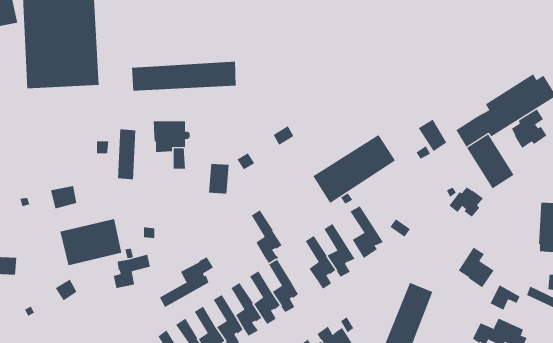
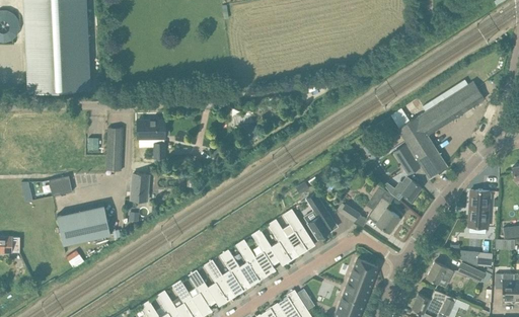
building: [131,61,236,91] -> none
building: [511,108,547,149] -> none
building: [418,119,447,152] -> [395,147,421,175]
building: [313,134,396,204] -> none
building: [208,163,229,194] -> [131,174,149,201]
building: [251,210,283,264] -> [251,229,279,275]
building: [458,247,494,288] -> [368,196,399,232]
building: [113,254,151,289] -> none
building: [159,257,214,308] -> none

